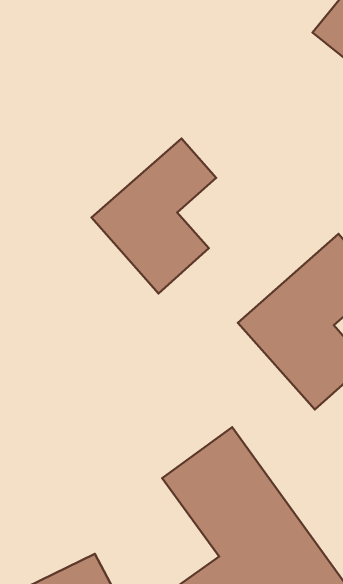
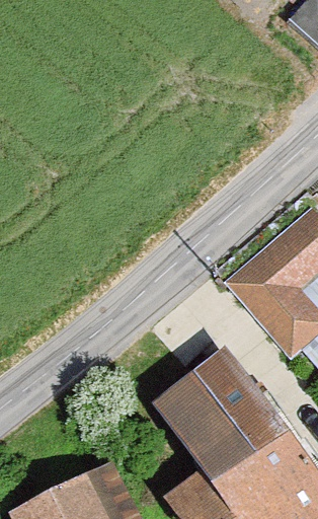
building: [91,138,216,294] -> none

